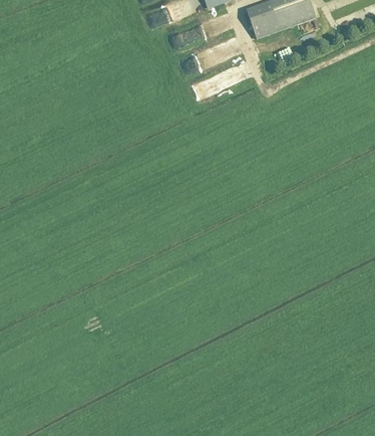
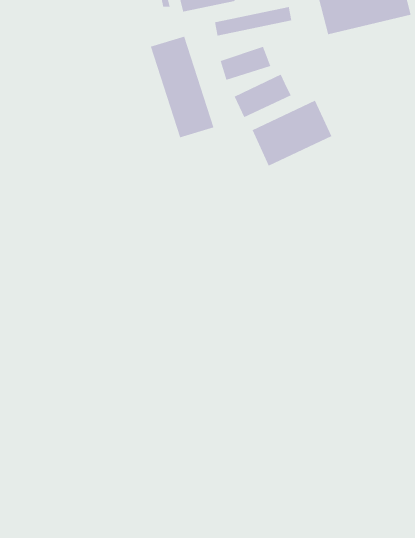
building: none -> [150,36,214,138]
building: none -> [252,100,332,167]

